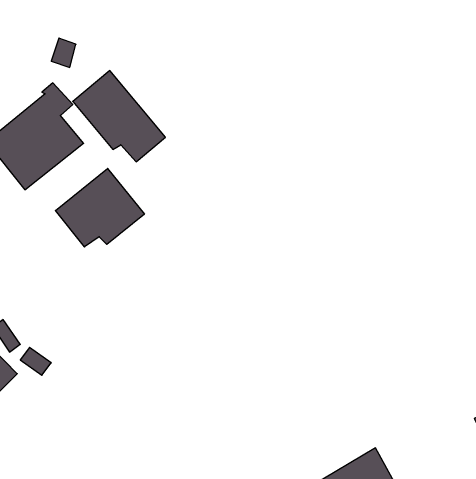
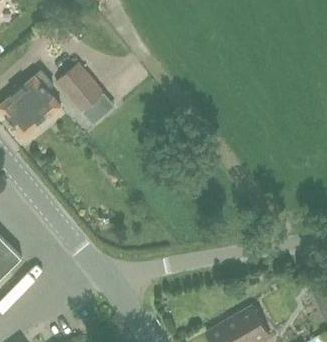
building: [55,168,144,247] -> none

